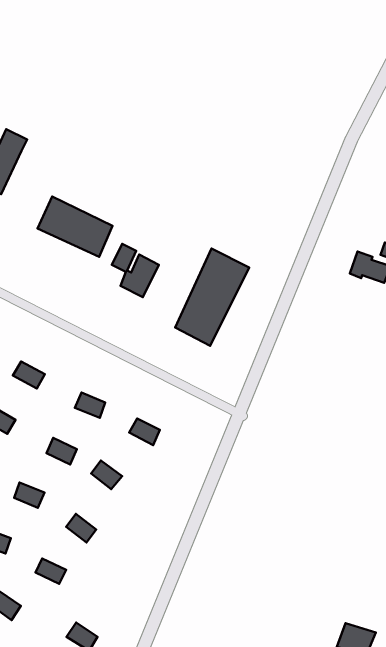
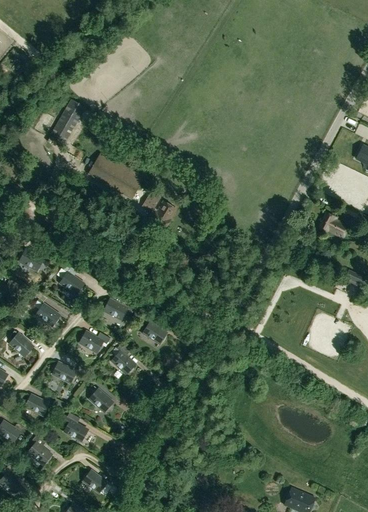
building: [175,249,249,346] -> none

